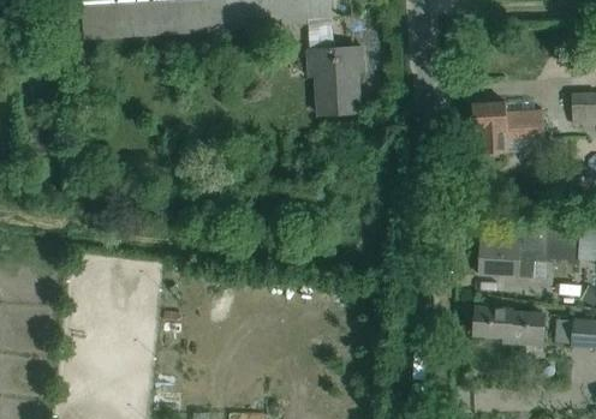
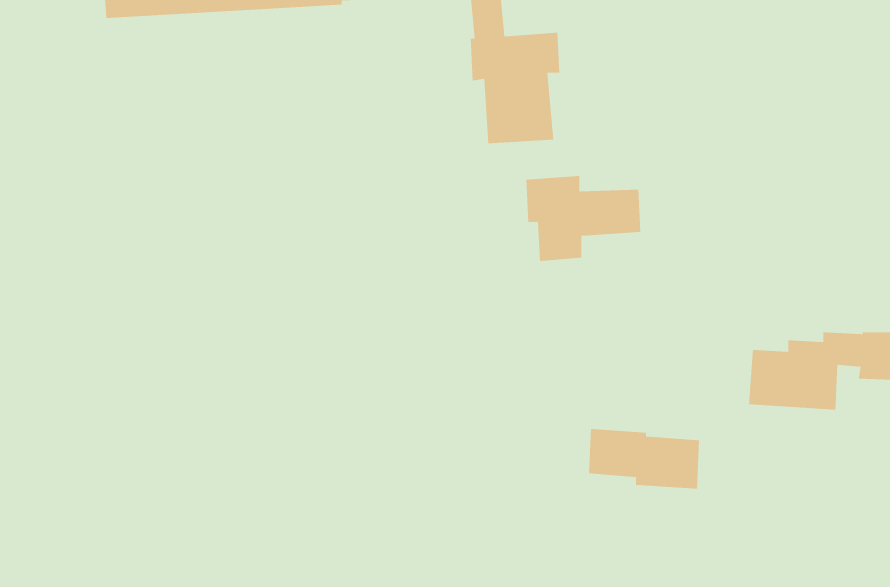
building: [472,101,543,154] -> [525,175,641,262]
building: [475,306,543,343] -> [588,428,700,489]

